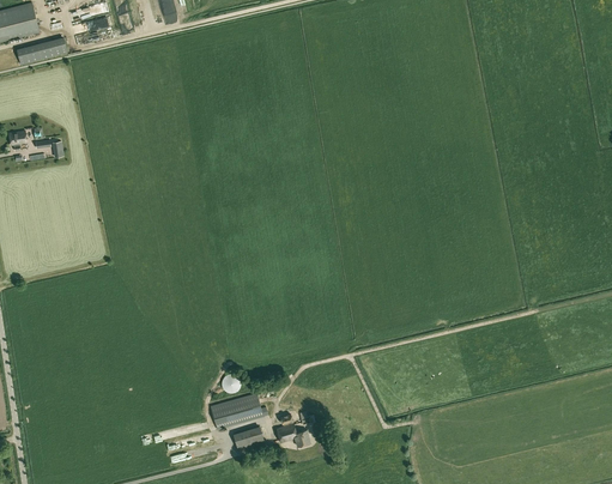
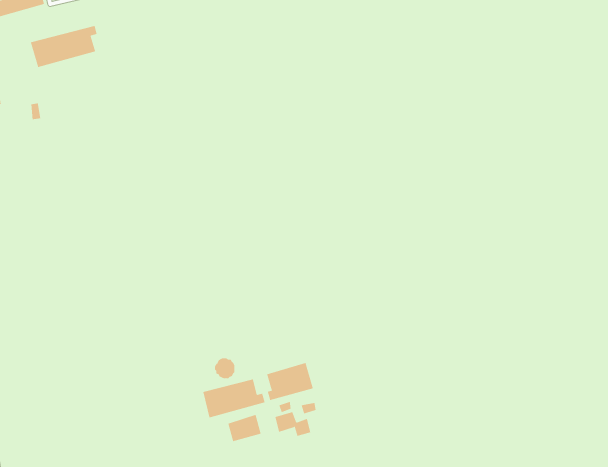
building: none -> [30,25,97,68]
building: none -> [266,362,314,401]

